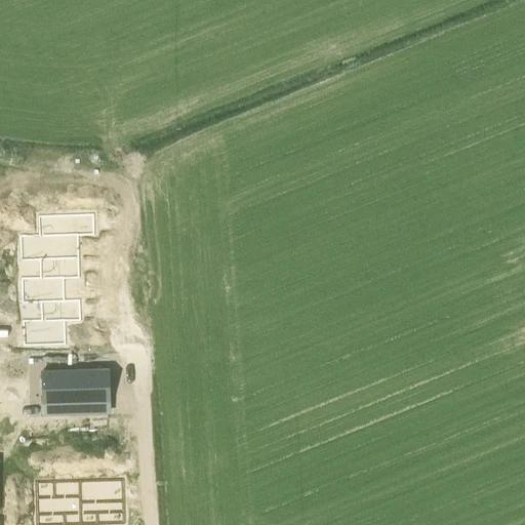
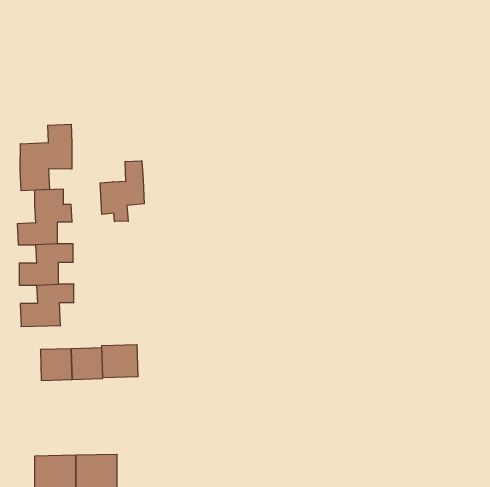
building: none -> [20,124,72,191]
building: none -> [100,161,144,222]
building: none -> [102,345,138,378]

